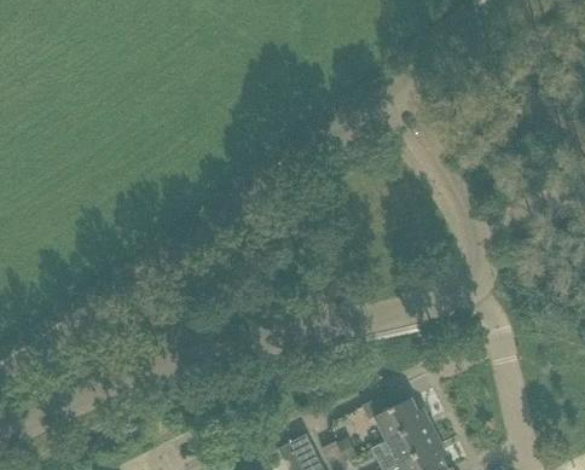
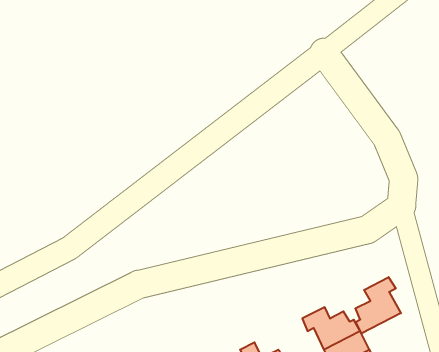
building: none -> [355,277,401,334]

